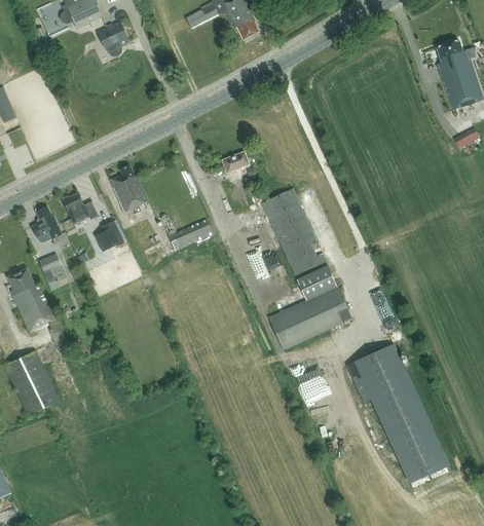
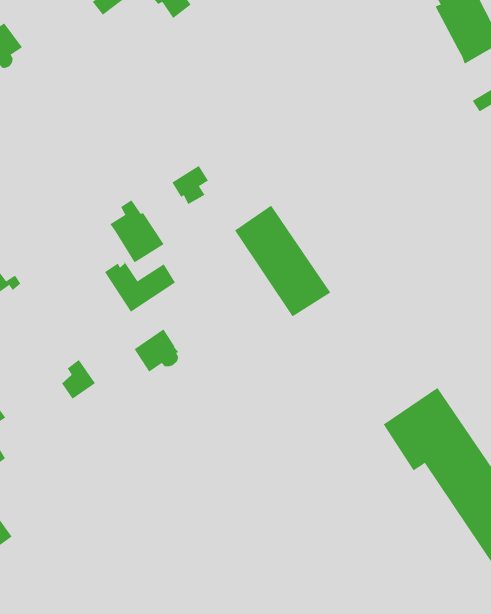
building: [110,164,148,212] -> [109,199,164,263]
building: [97,221,122,250] -> [61,359,96,400]
building: [268,265,352,350] -> none
building: none -> [134,329,179,373]

